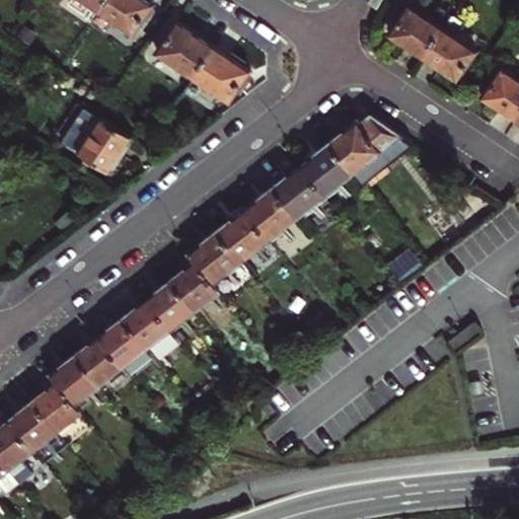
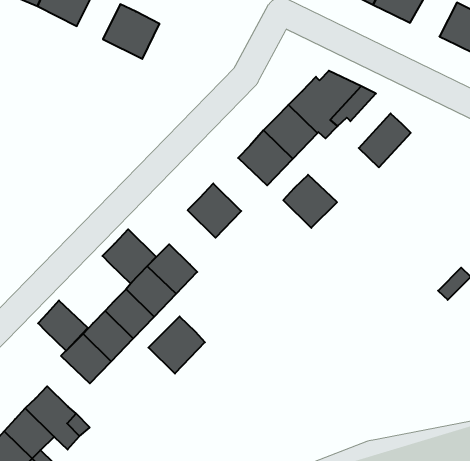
building: [192,50,249,105] -> none
building: [55,108,125,170] -> none
building: none -> [359,113,411,167]
building: [243,190,295,241] -> [283,175,337,228]
building: [187,233,238,286] -> [102,229,156,284]
building: none -> [148,316,205,374]
building: [50,357,97,406] -> [38,300,88,351]

